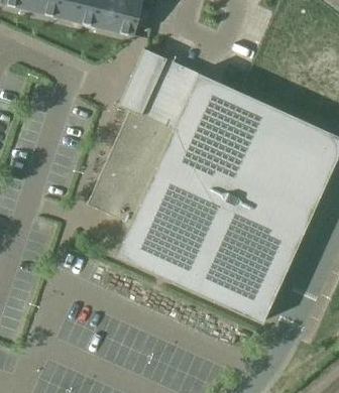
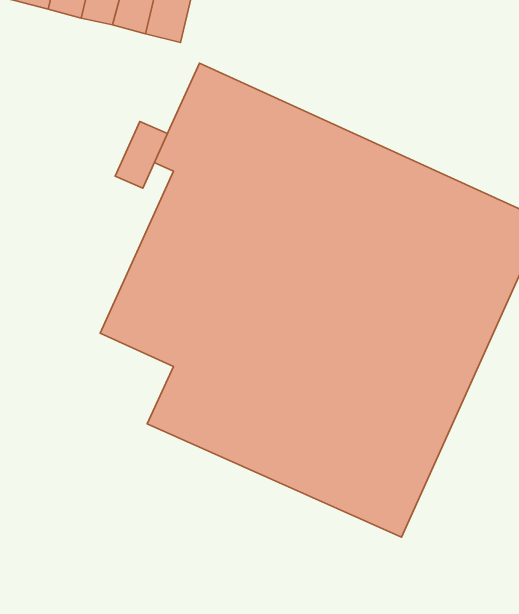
building: none -> [115,121,167,188]

